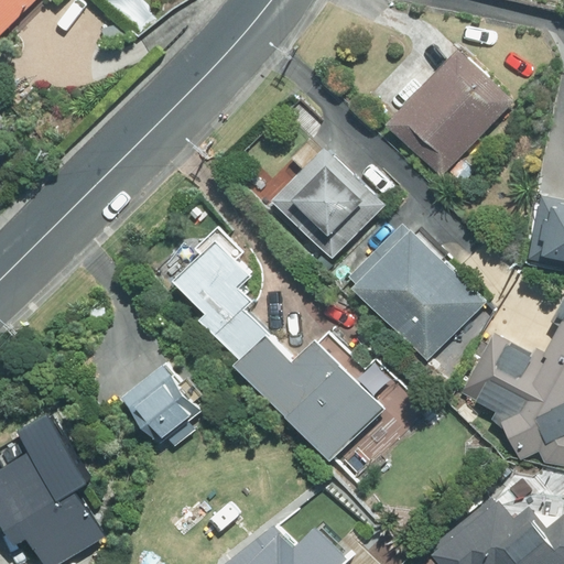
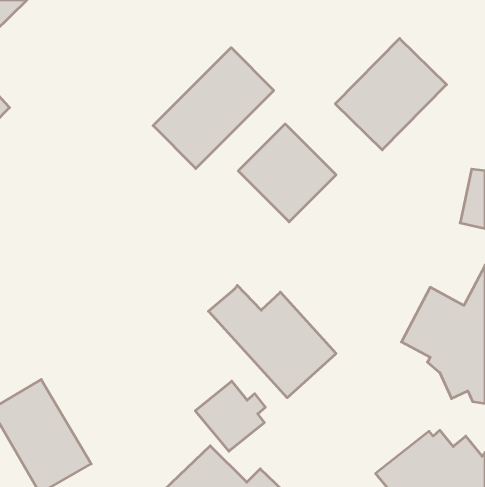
building: none -> [153,48,274,169]
building: [347,227,485,362] -> none
building: [177,239,269,361] -> none
building: [122,364,203,444] -> [195,381,265,451]

